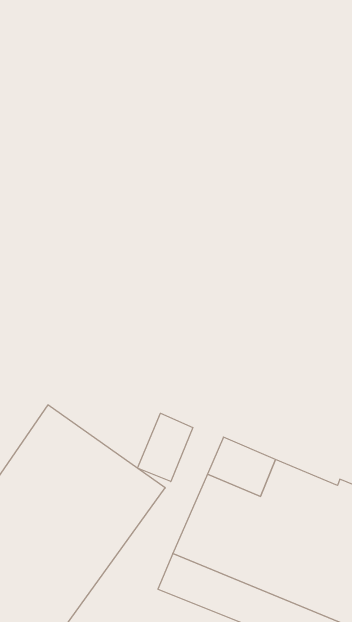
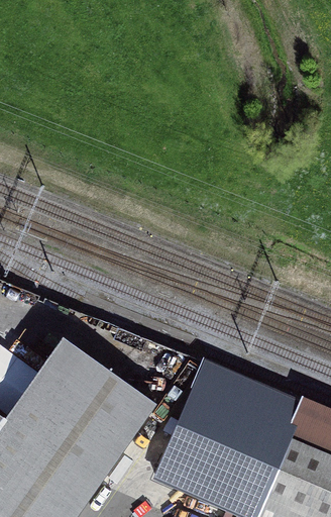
building: [137,413,193,482] -> none

